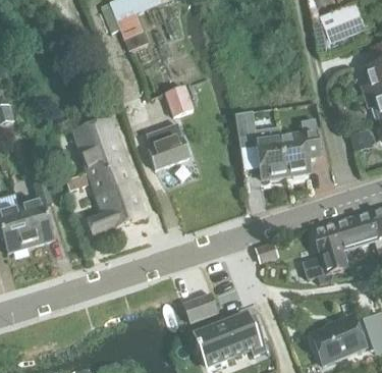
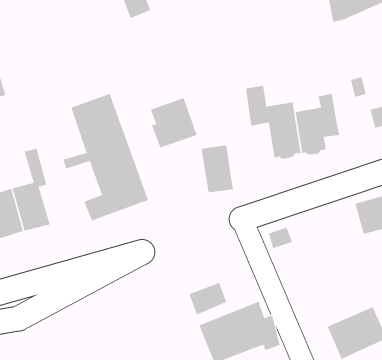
building: [164,86,194,116] -> none
building: none -> [201,145,233,193]
building: [303,220,348,283] -> none

